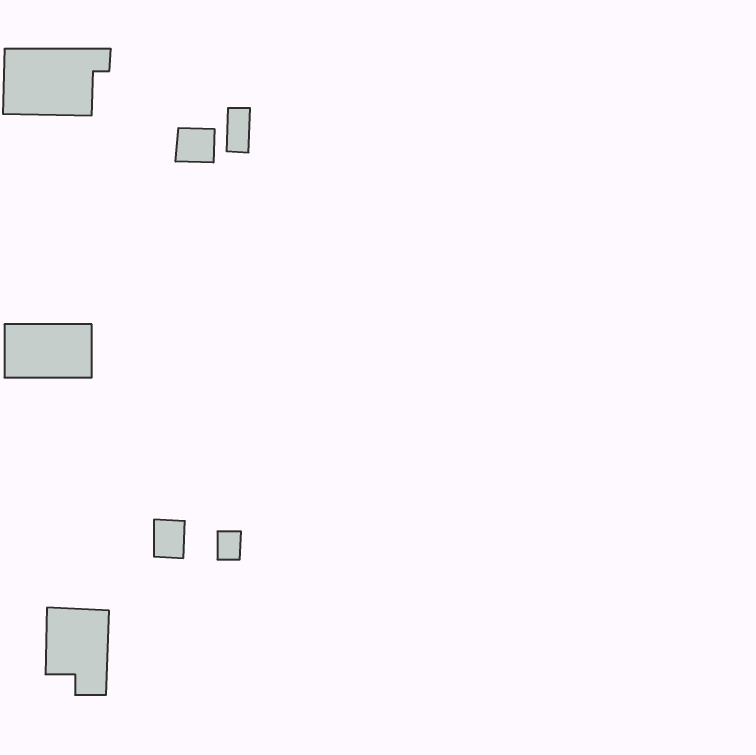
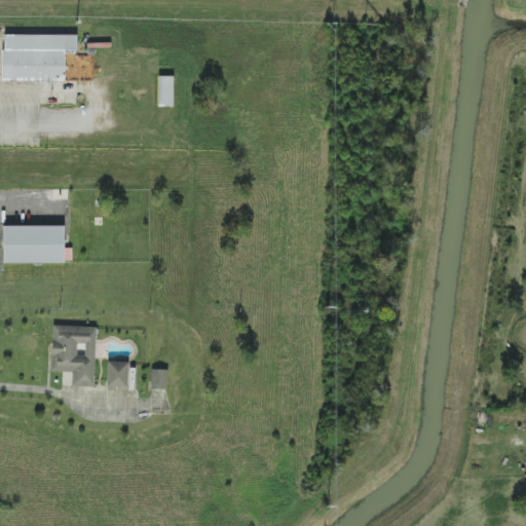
building: [176,128,214,163] -> none
building: [45,608,109,695] -> [51,325,96,385]

